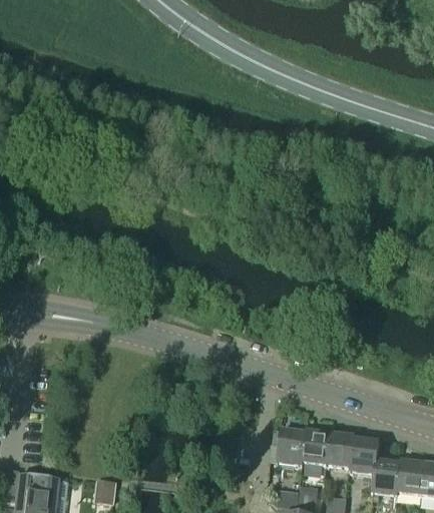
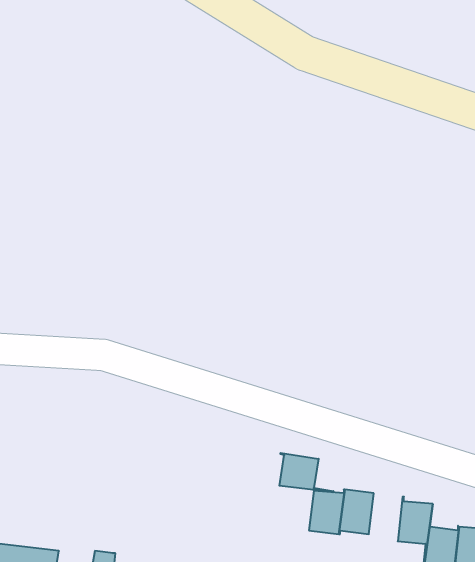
building: none -> [279,453,333,492]
building: [326,431,354,471] -> none

